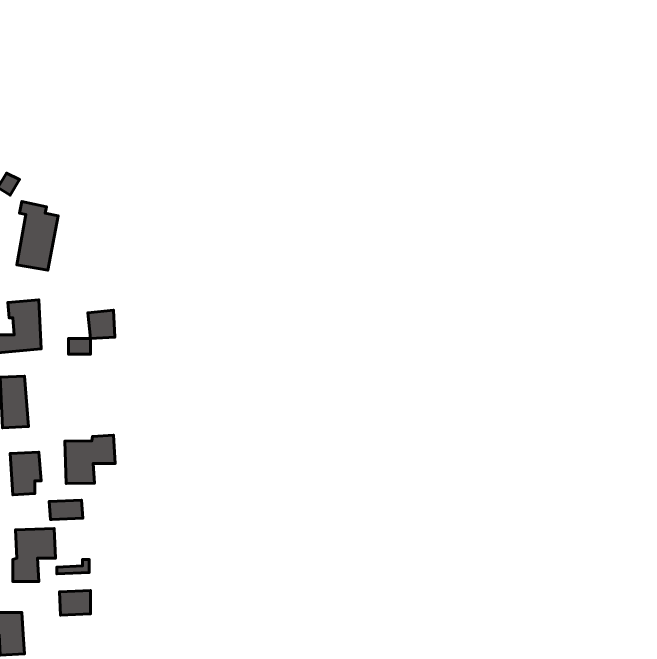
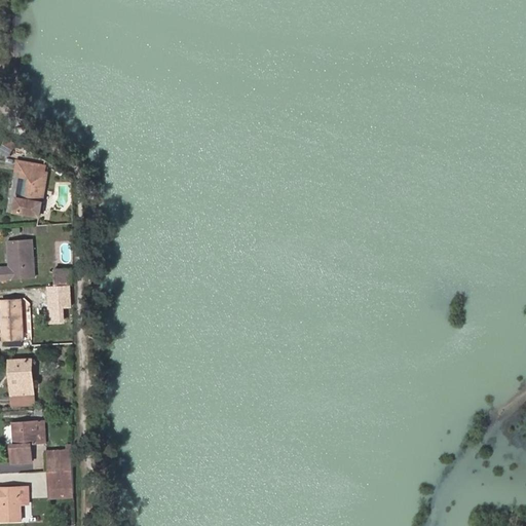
building: [88,310,115,339] -> [47,286,69,308]
building: [65,435,115,484] -> none
building: [49,500,83,520] -> [45,456,72,472]

